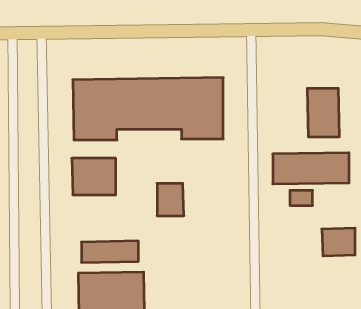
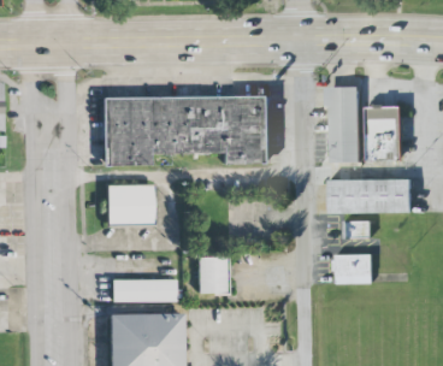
building: none -> [326,87,362,163]
building: [157,183,184,216] -> [195,258,225,294]
building: [322,228,355,256] -> [337,253,374,284]

